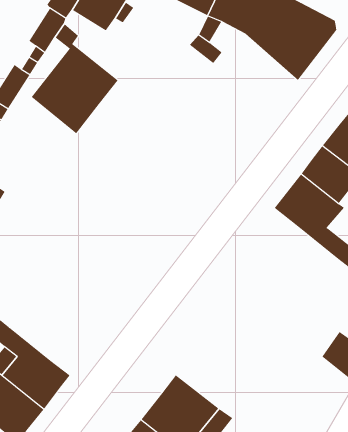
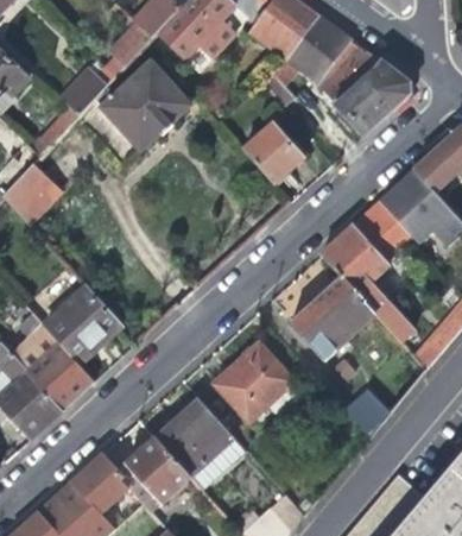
building: none -> [243,121,305,184]
building: none -> [289,277,373,362]
building: none -> [43,288,121,365]
building: none -> [213,345,304,423]

